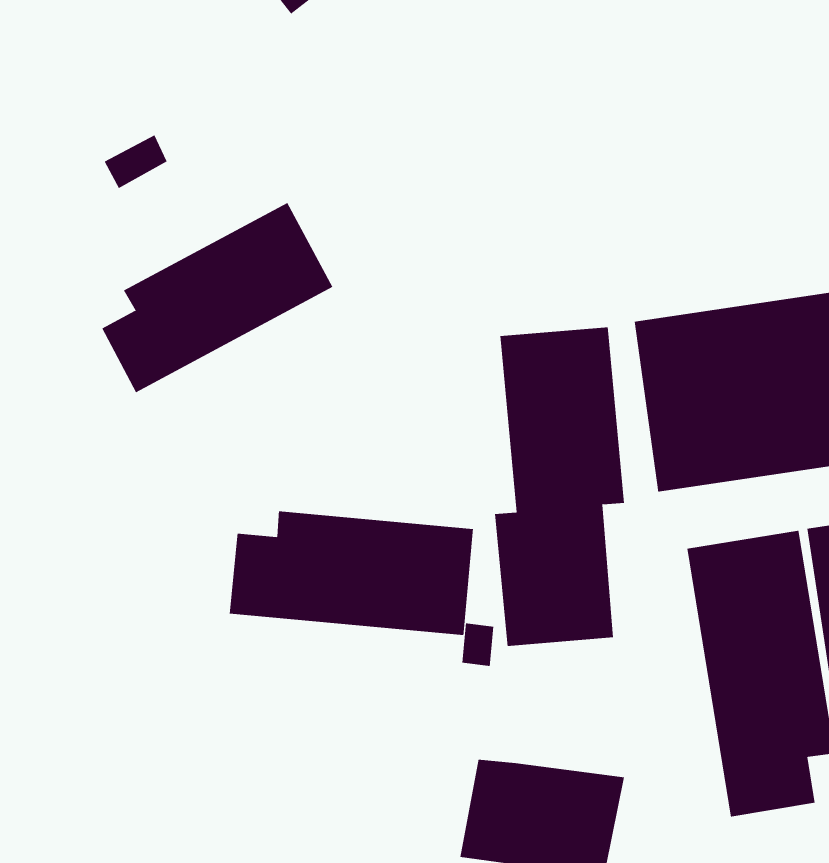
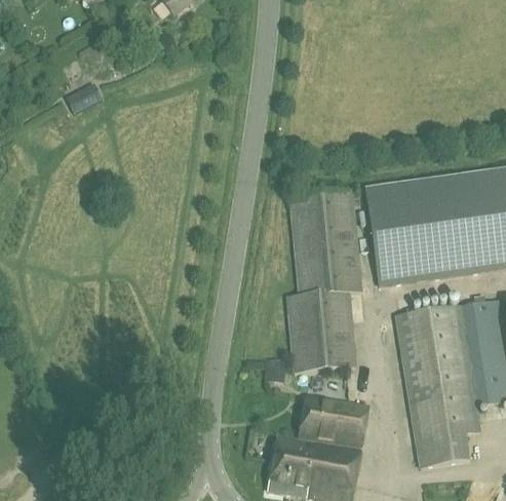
building: [102,202,333,393] -> none
building: [229,511,474,636] -> none
building: none -> [299,393,367,445]

